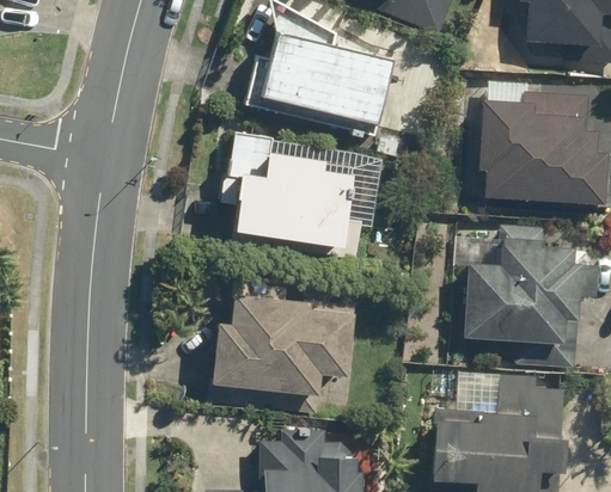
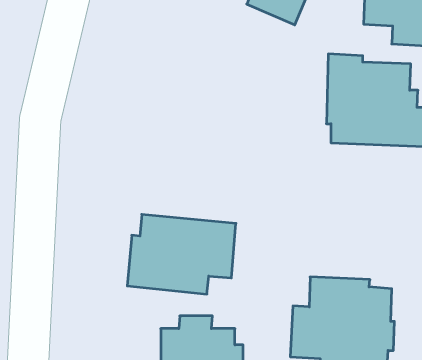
building: [245,32,393,137] -> none
building: [240,149,354,244] -> none
building: [462,226,597,342] -> none

